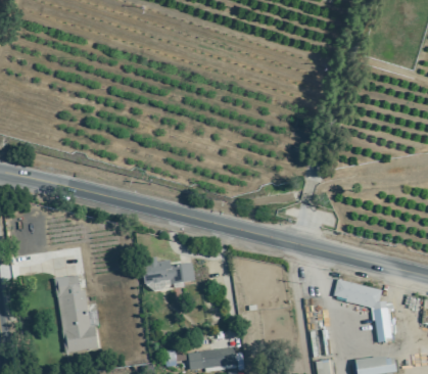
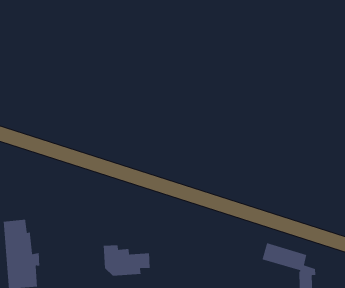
building: [138,254,191,289] -> [103,245,150,276]

